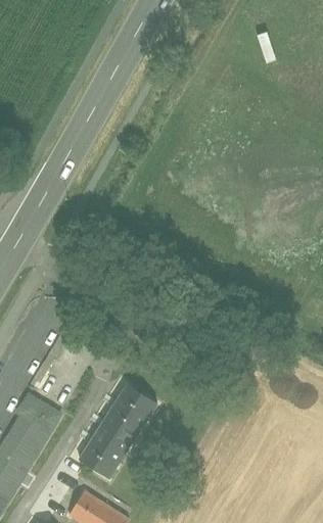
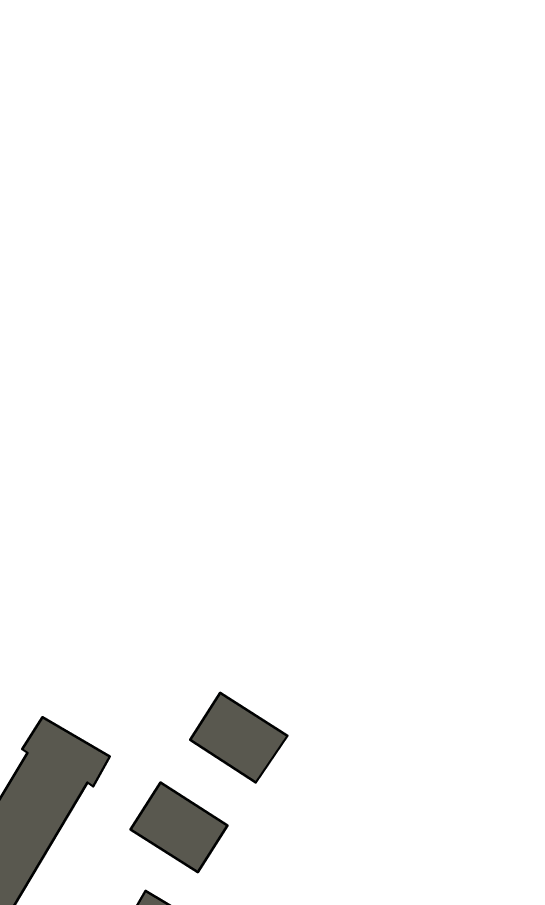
building: [90,409,142,456] -> none

